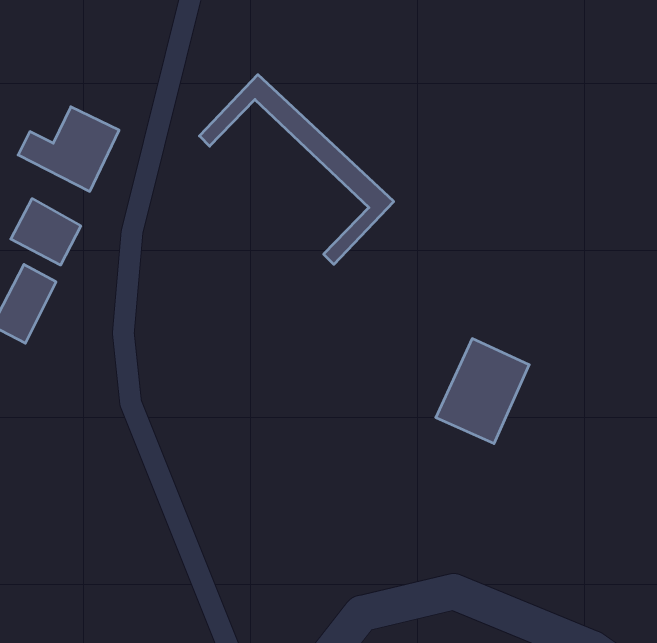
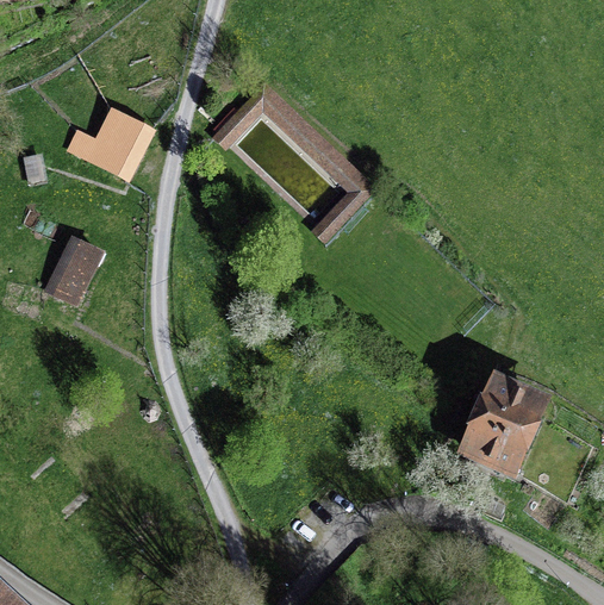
building: [11,199,81,265] -> none
building: [436,339,529,444] -> [463,383,540,469]

